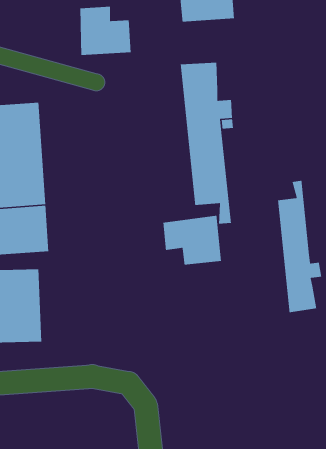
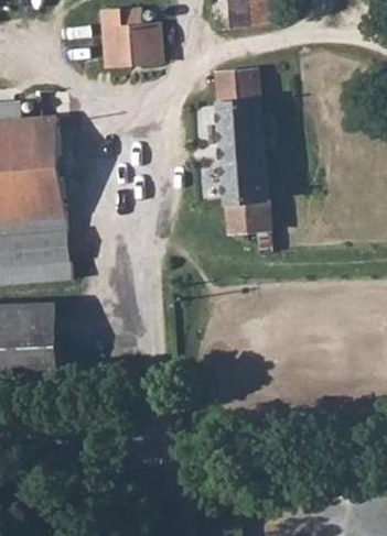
building: [277,180,322,313] -> none
building: [162,215,222,265] -> none

